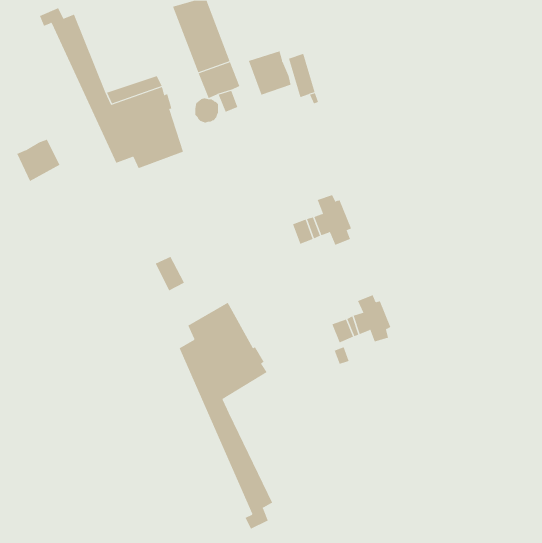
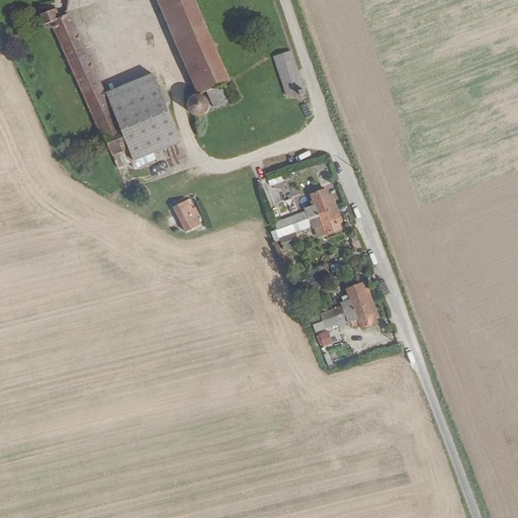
building: [248,50,291,95] -> none
building: [16,139,60,182] -> none
building: [155,256,185,291] -> [174,200,202,234]
building: [179,302,273,530] -> none

